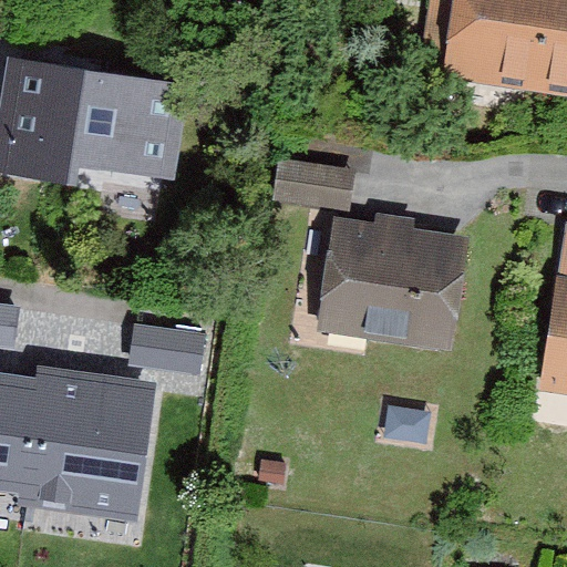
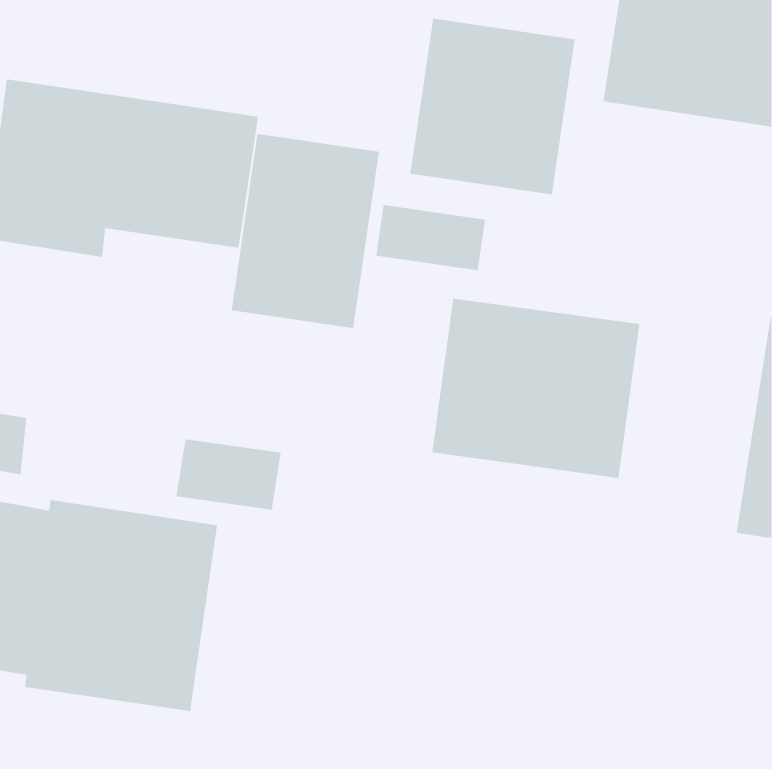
building: none -> [410,18,575,195]
building: none -> [231,133,380,329]

